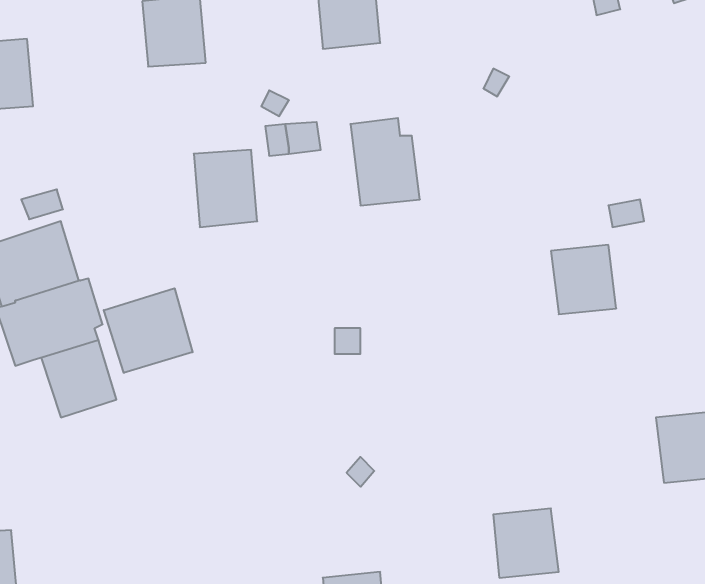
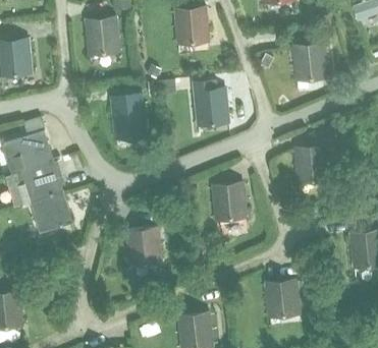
building: none -> [293,43,327,79]
building: [104,288,193,373] -> none
building: none -> [212,183,245,219]
building: none -> [126,228,160,264]

